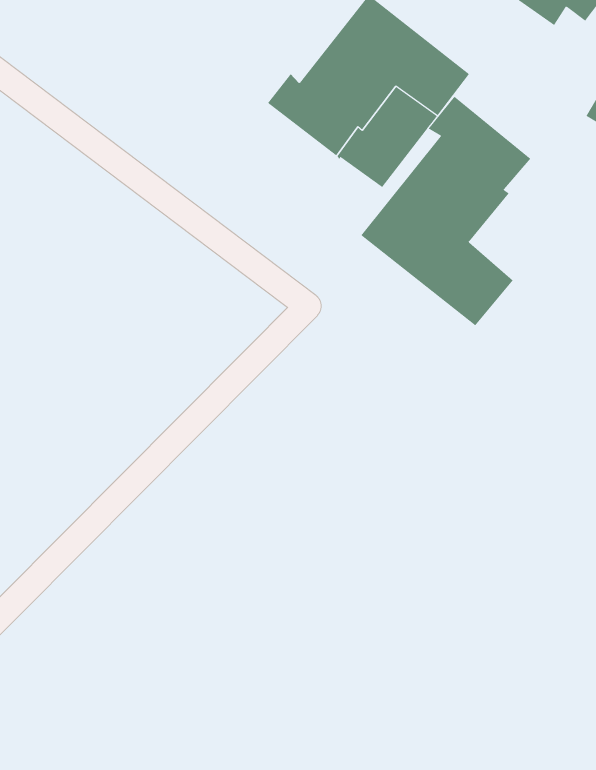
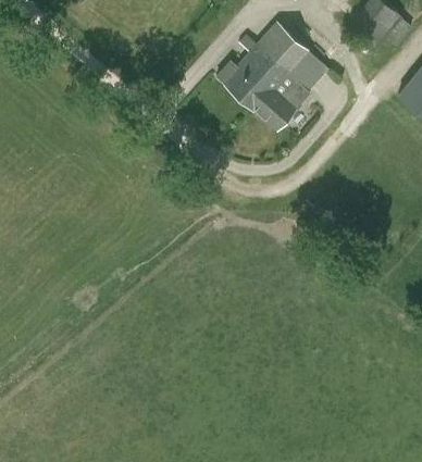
building: [361,96,531,326] -> none

